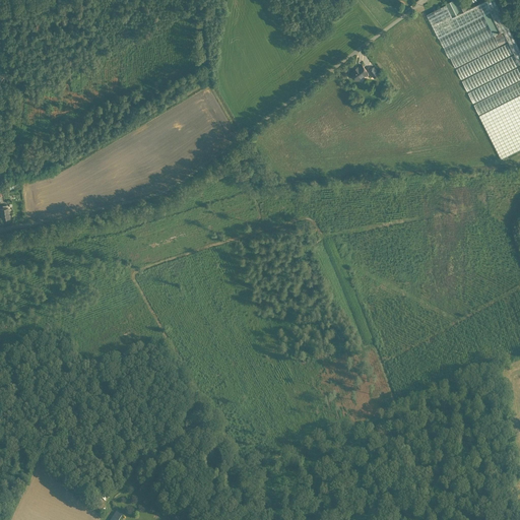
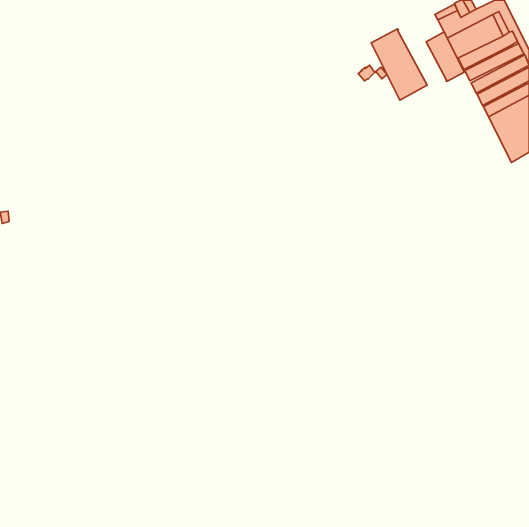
building: none -> [371,29,427,100]
building: none -> [426,32,464,81]

